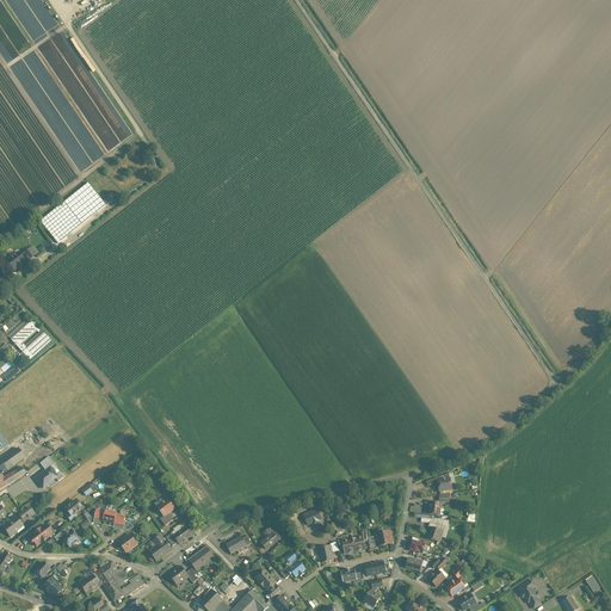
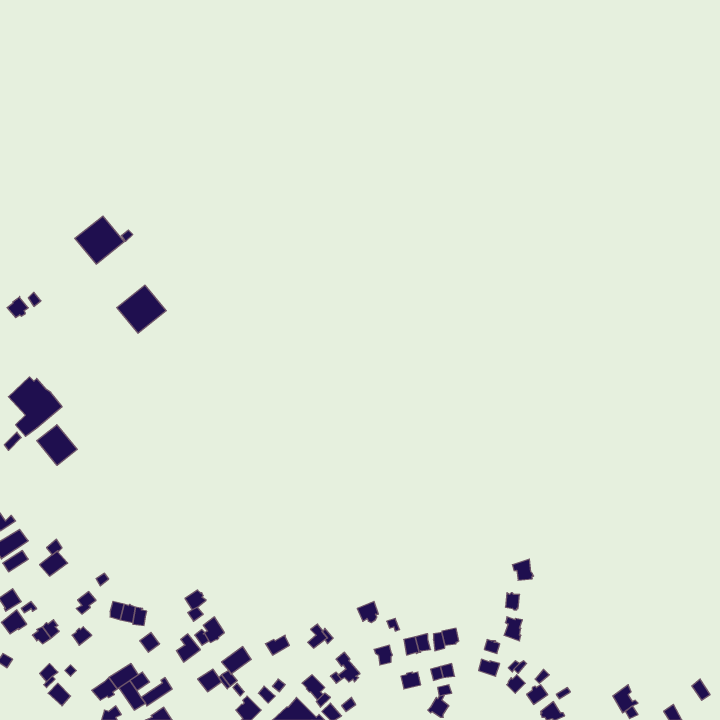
building: [39,202,81,242] -> [117,285,166,333]
building: none -> [37,425,77,465]

